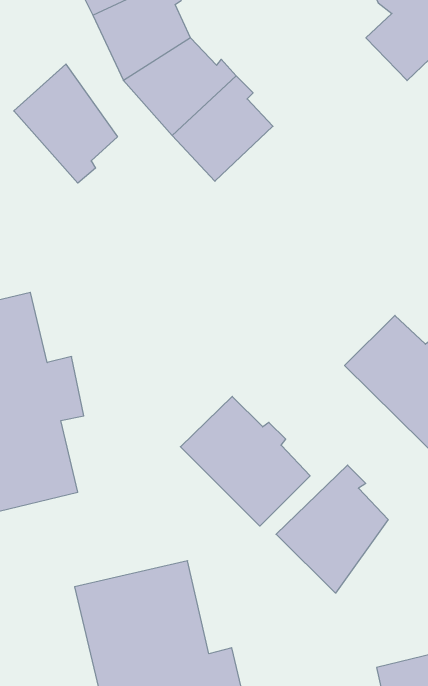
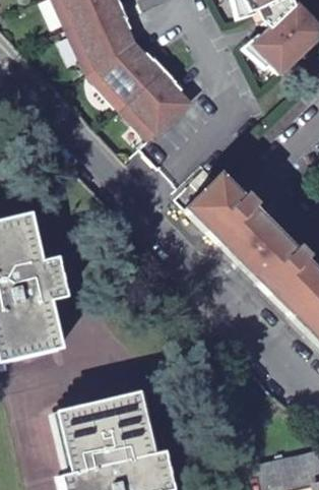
building: [14,64,117,183] -> none
building: [180,396,310,526] -> [186,176,272,262]
building: [276,465,388,593] -> none

